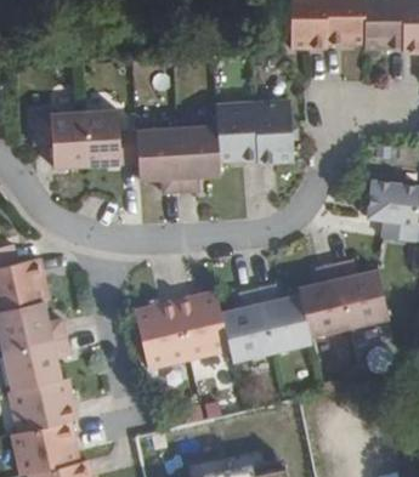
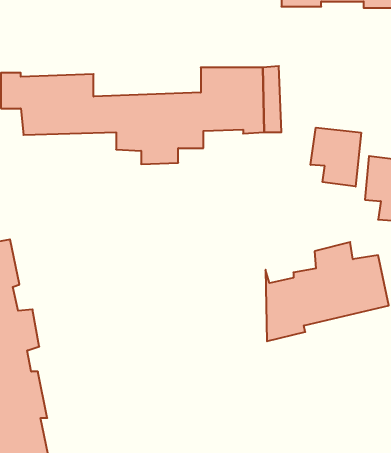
building: none -> [311,128,361,187]
building: [138,288,277,369] -> none

